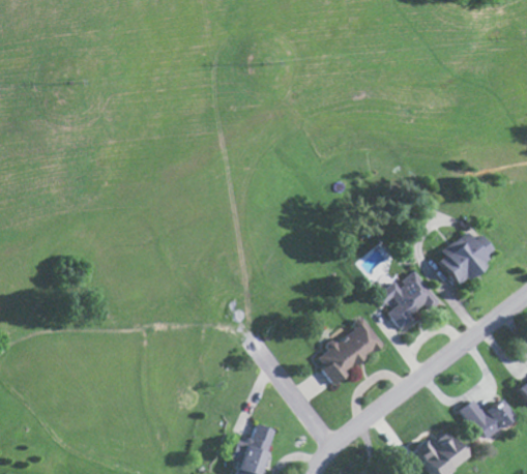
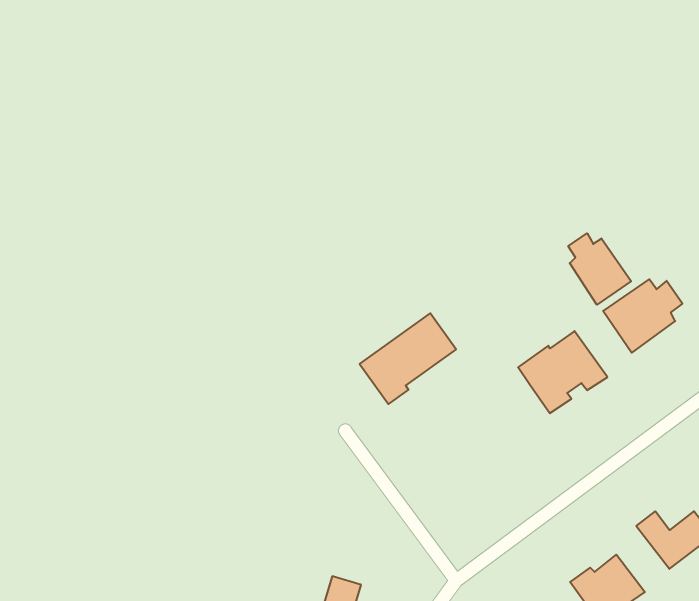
building: none -> [568,233,631,305]
building: [314,319,383,384] -> [360,313,456,404]
building: [248,423,275,451] -> none

